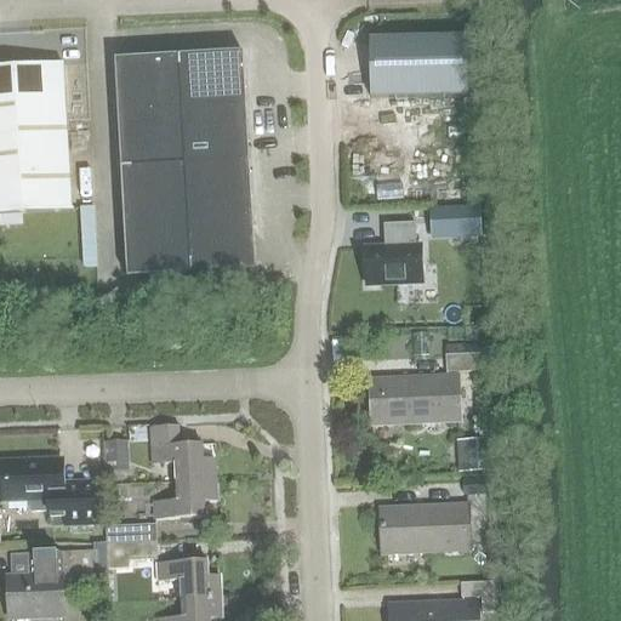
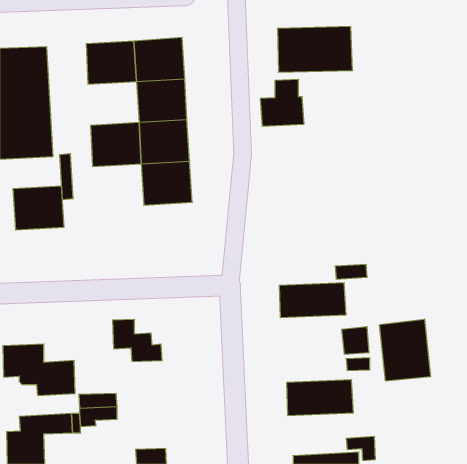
building: [116,108,184,166] -> none
building: [428,204,478,235] -> none
building: [123,217,190,275] -> [13,186,64,230]
building: [364,220,422,281] -> [260,79,304,126]
building: none -> [380,319,431,381]
building: [101,438,126,468] -> none
building: [153,478,216,517] -> none
building: [155,558,220,596] -> none

